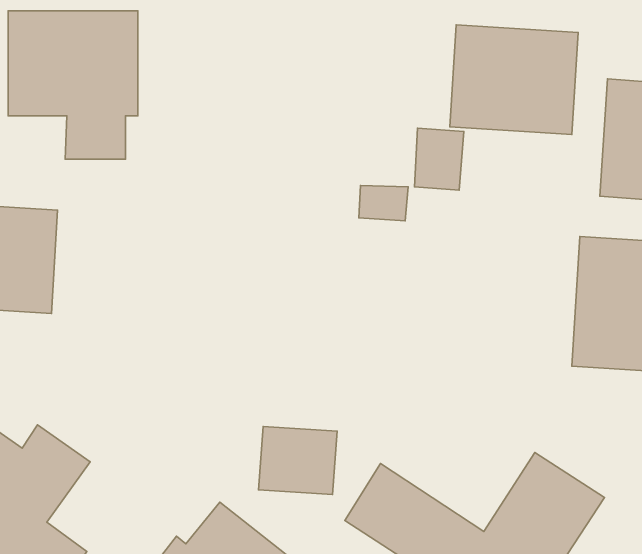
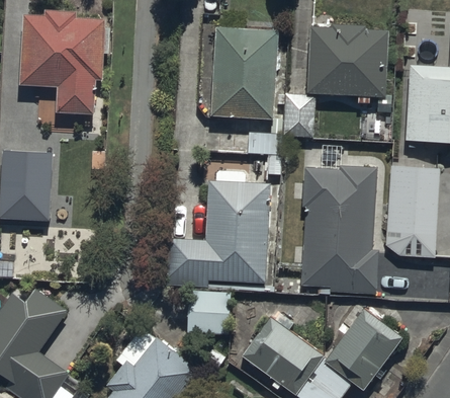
building: none -> [211,25,278,120]
building: none -> [300,164,381,294]
building: none -> [165,183,271,287]

